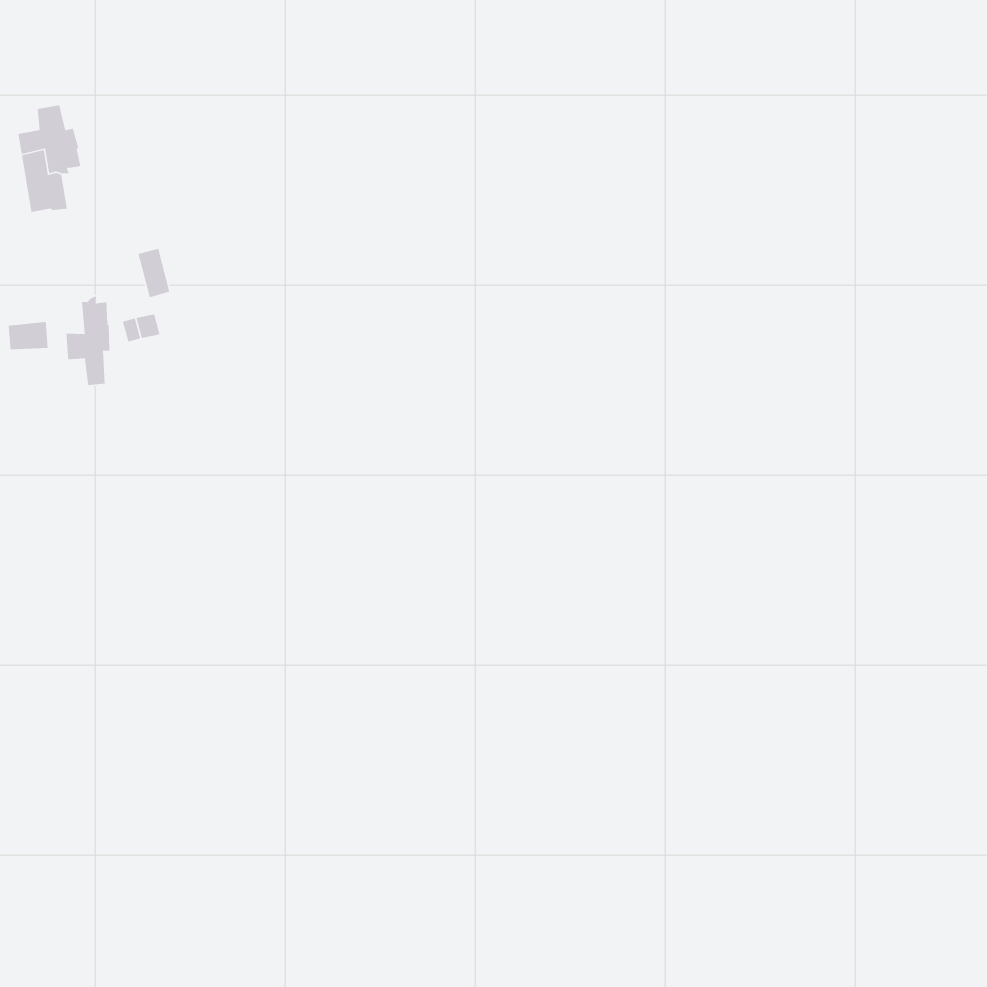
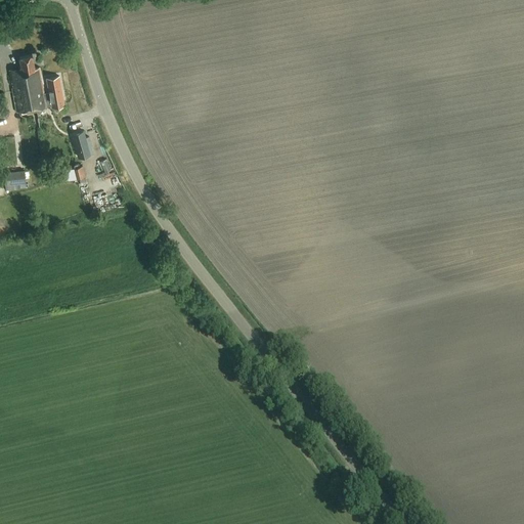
building: none -> [34,78,66,112]
building: [65,295,110,386] -> none

